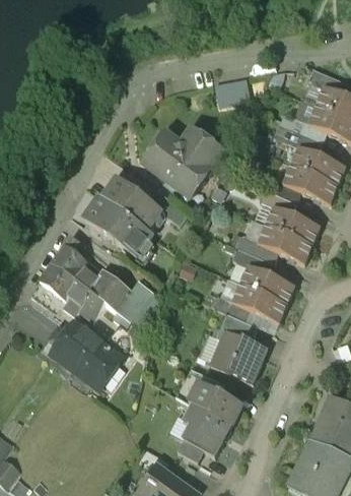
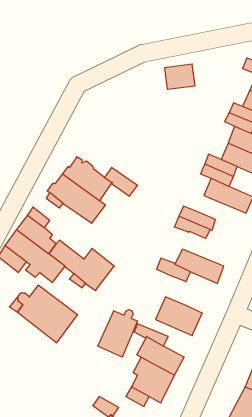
building: [146,131,219,194] -> none
building: [256,223,311,261] -> none
building: [239,263,294,303] -> none
building: [216,313,255,348] -> none
building: none -> [98,309,138,357]

